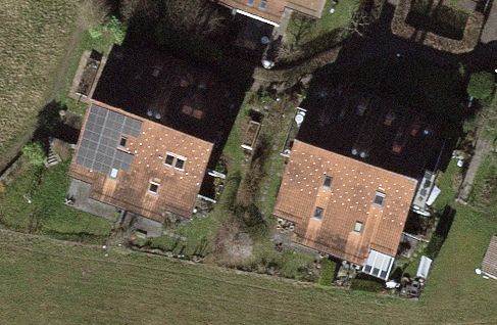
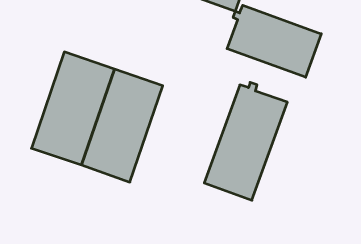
building: none -> [227,5,321,77]
building: [327,134,427,270] -> none

